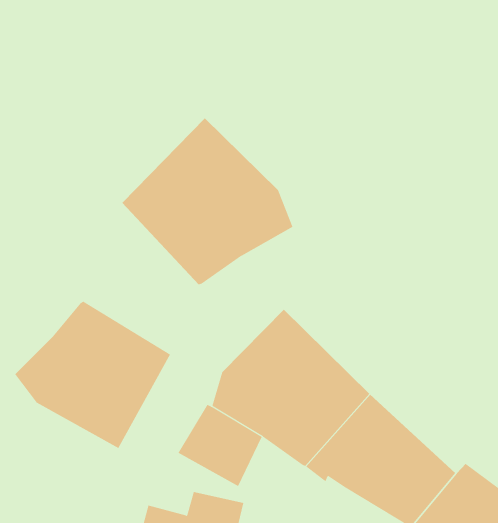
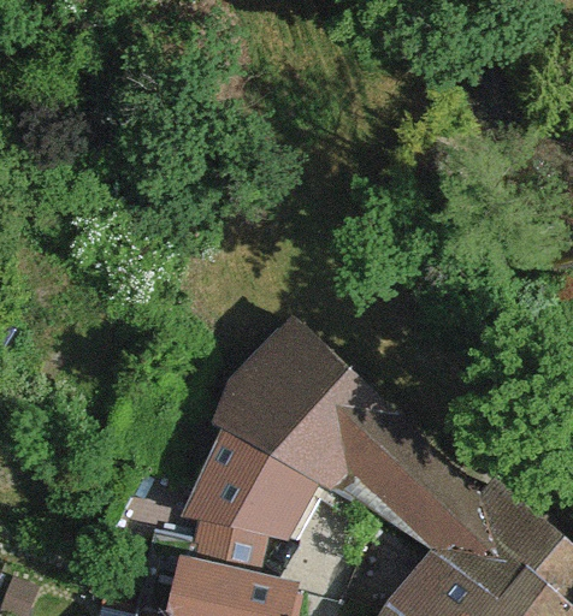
building: [121,117,293,285] -> none
building: [15,301,171,449] -> none

